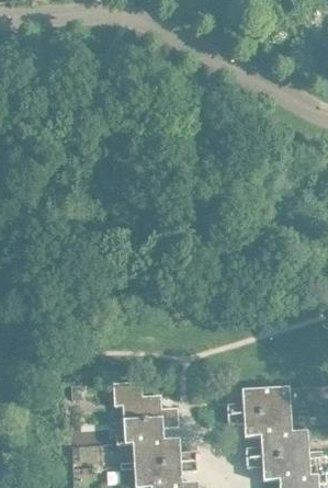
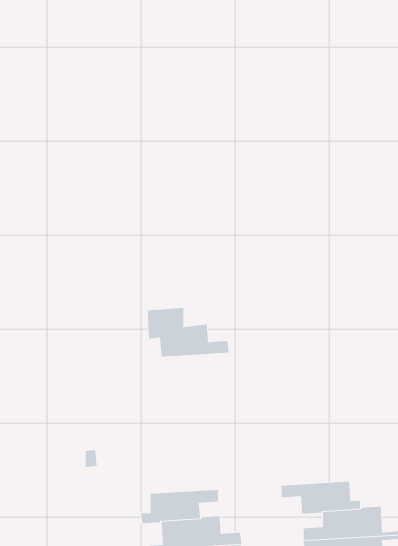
building: [113,381,179,420] -> [147,307,230,357]
building: [227,386,290,413] -> none

